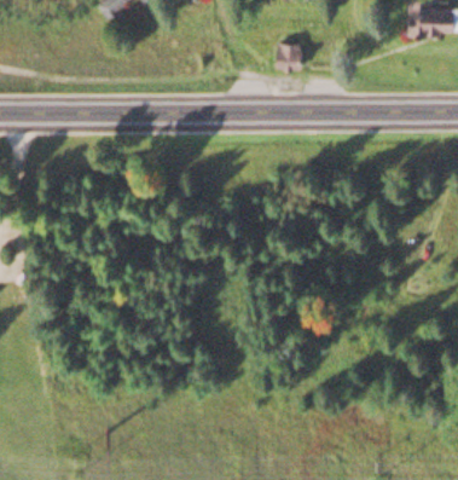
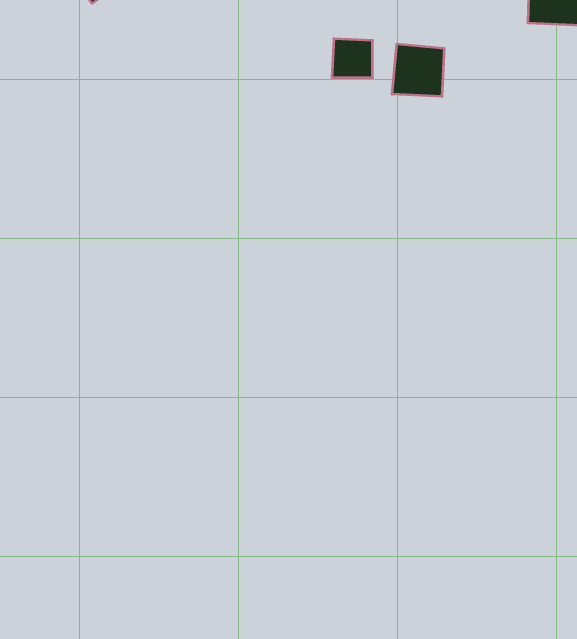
building: none -> [392,44,444,97]

